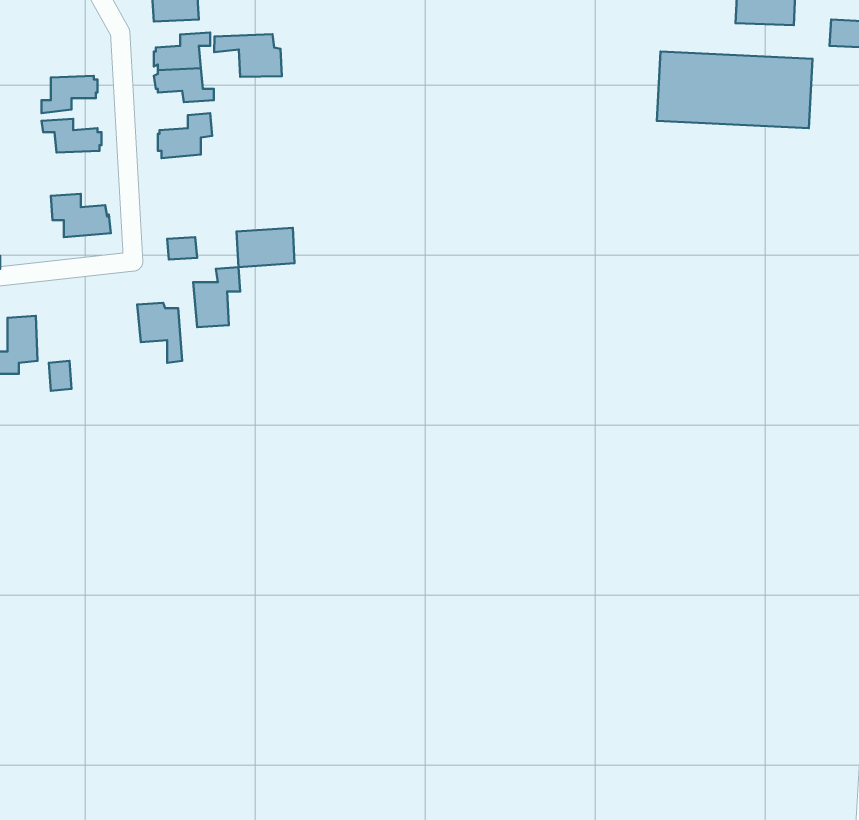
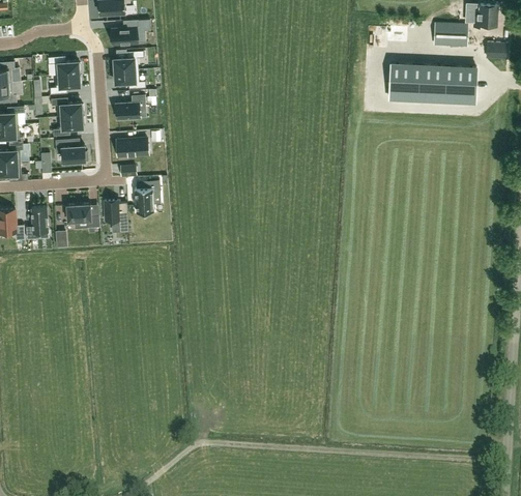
building: [214,34,282,77] -> none
building: none -> [48,56,80,76]
building: none -> [53,116,84,137]
building: [236,228,295,267] -> [116,138,148,159]
building: none -> [64,204,99,228]

